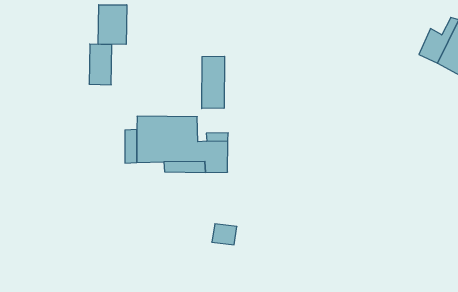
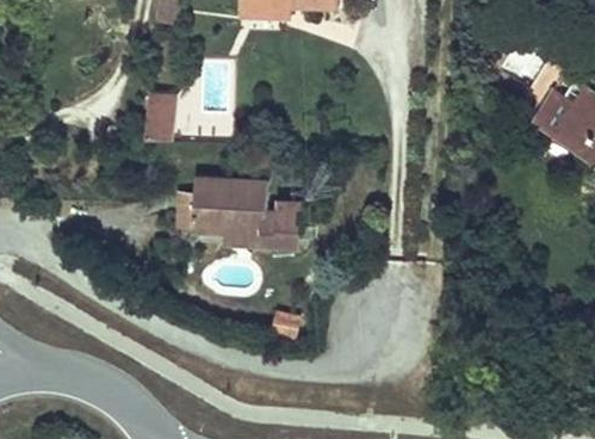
building: [98,5,127,44] -> none
building: [202,56,224,109] -> none

